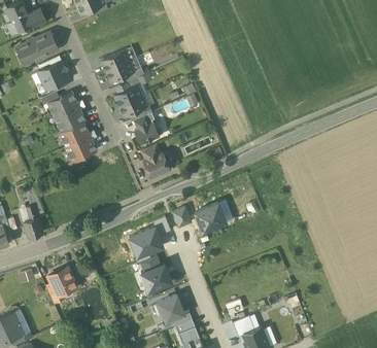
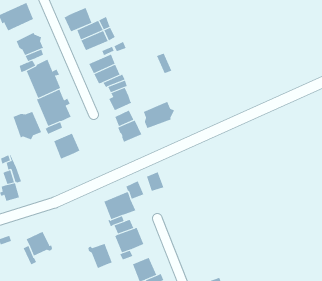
building: none -> [64,7,92,32]
building: none -> [143,101,175,129]
building: none -> [13,111,42,140]
building: none -> [53,133,80,160]
building: [195,203,226,232] -> none
building: none -> [88,243,113,269]

